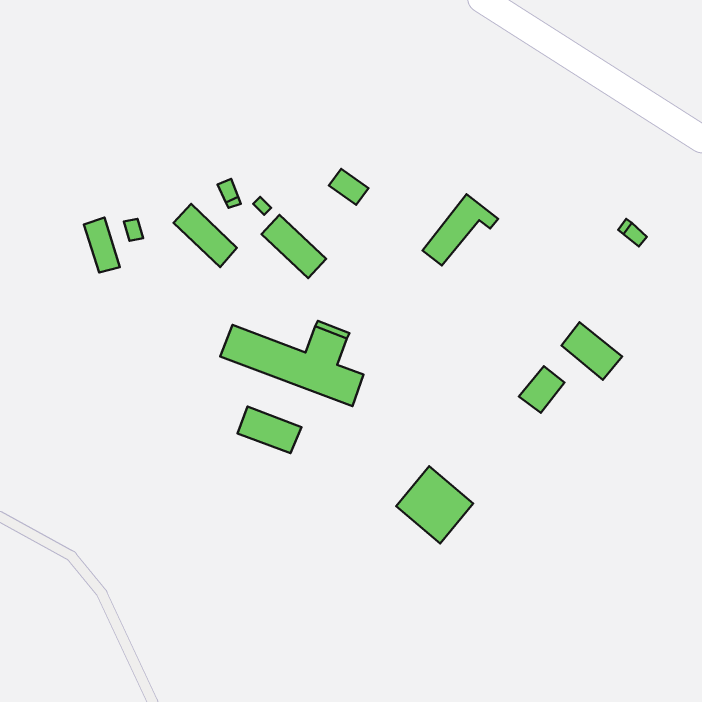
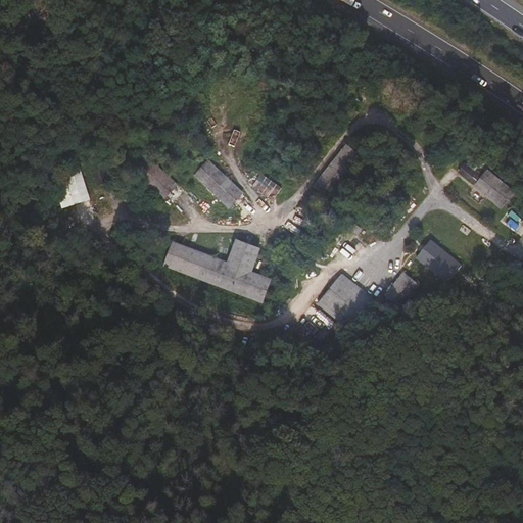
building: [329,169,369,205] -> [251,173,281,199]
building: none -> [475,170,514,206]
building: [237,407,301,453] -> none
building: [396,466,473,543] -> [318,273,375,330]

